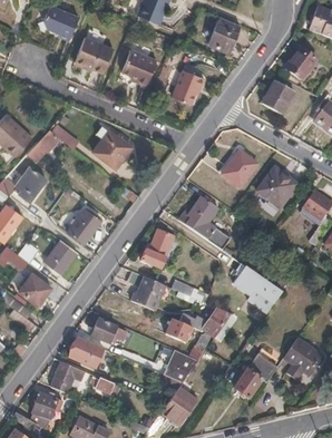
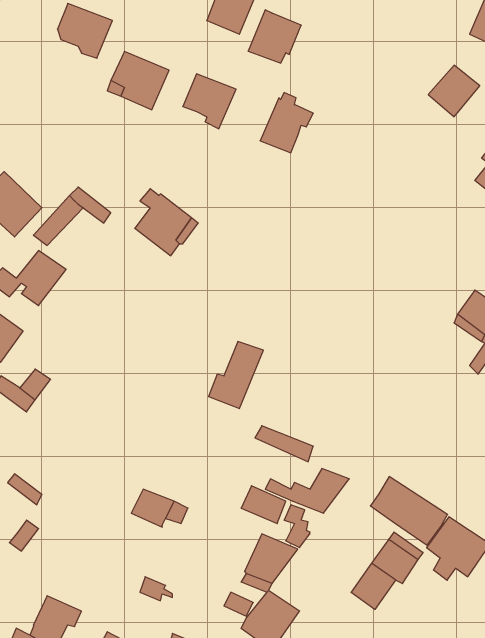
building: [207,17,242,51] -> [248,10,301,63]
building: [260,79,292,114] -> none
building: [221,150,256,186] -> none
building: [256,167,296,207] -> none
building: [179,197,232,247] -> none
building: [67,210,101,246] -> none
building: [45,240,79,275] -> none
building: [235,263,285,308] -> [370,477,448,545]
building: [19,273,51,305] -> none
building: [130,274,163,309] -> none
building: [68,337,104,368] -> none
building: [51,362,84,391] -> none

